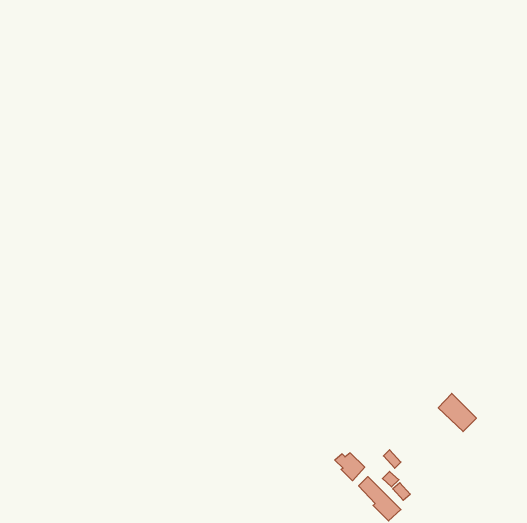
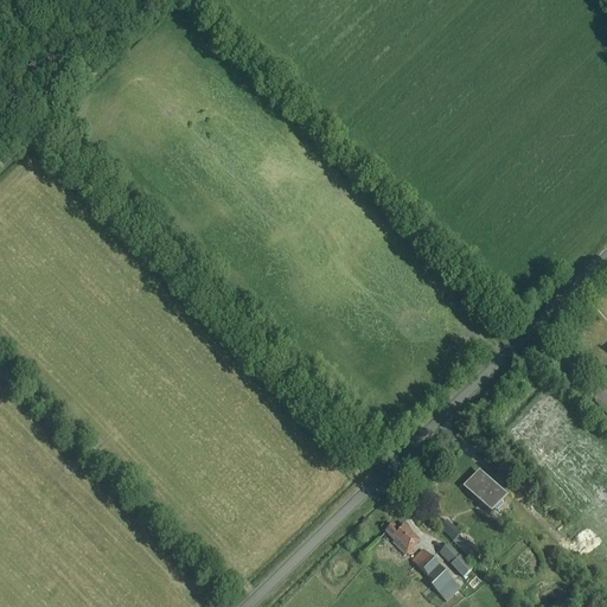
building: [438,393,476,432] -> [464,468,507,512]

